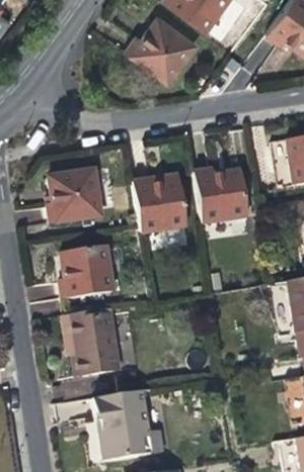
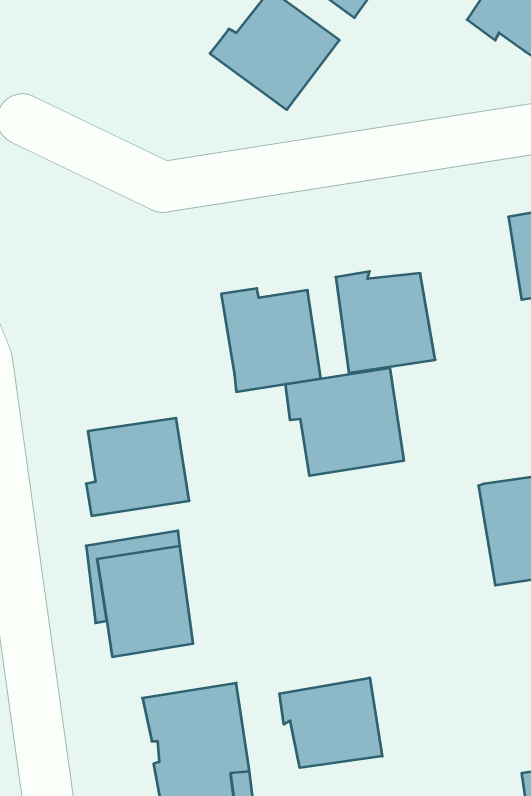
building: [49,172,101,223] -> none
building: none -> [285,368,404,476]
building: none -> [279,678,382,768]

